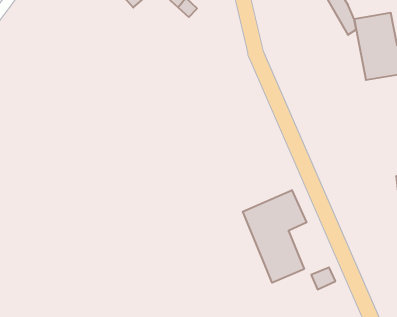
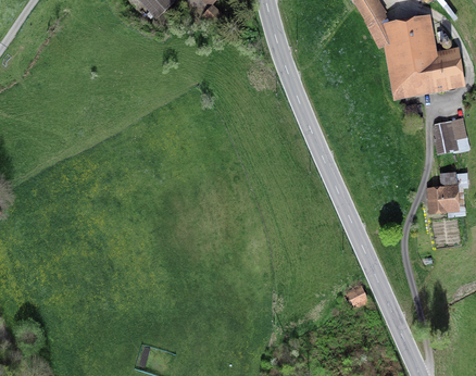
building: [243,190,306,283] -> none

